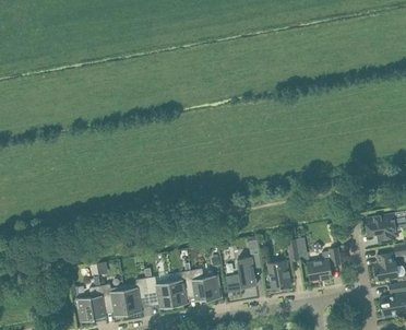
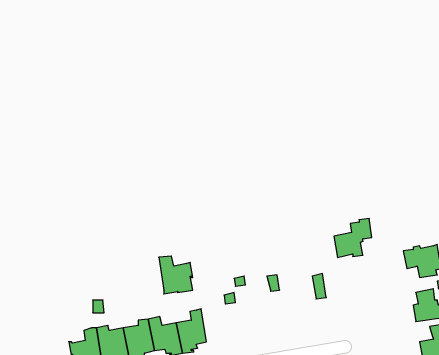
building: [308,248,341,282] -> [334,219,372,258]
building: [226,257,256,293] -> none
building: [267,260,291,290] -> none
building: [191,269,220,302] -> [159,256,193,294]

